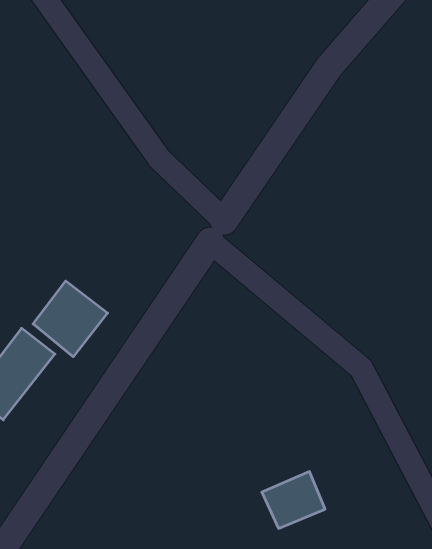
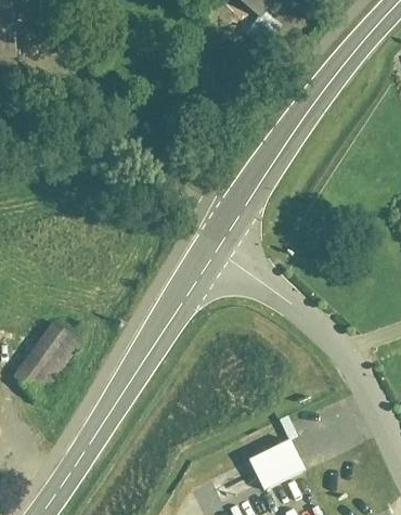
building: [33,281,108,357] -> none

